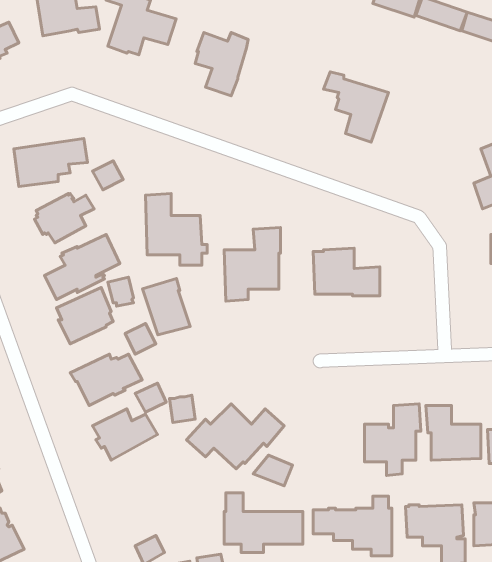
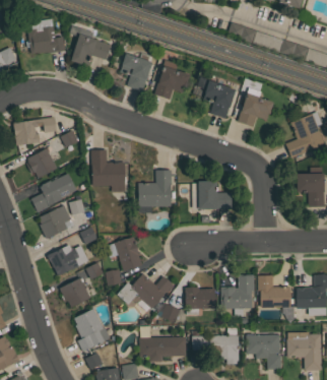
building: none -> [155,59,191,99]
building: none -> [239,86,274,126]
building: [142,278,190,335] -> [115,236,143,269]
building: none -> [186,287,216,313]
building: none -> [74,307,112,351]

